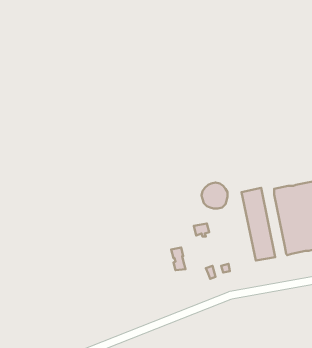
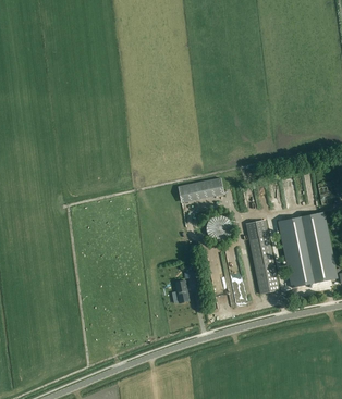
building: none -> [179,178,224,203]

